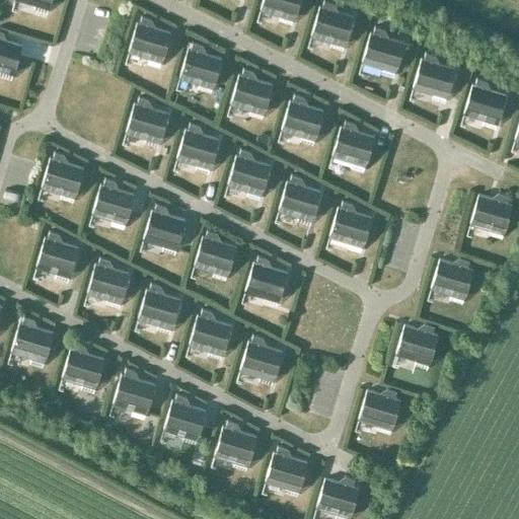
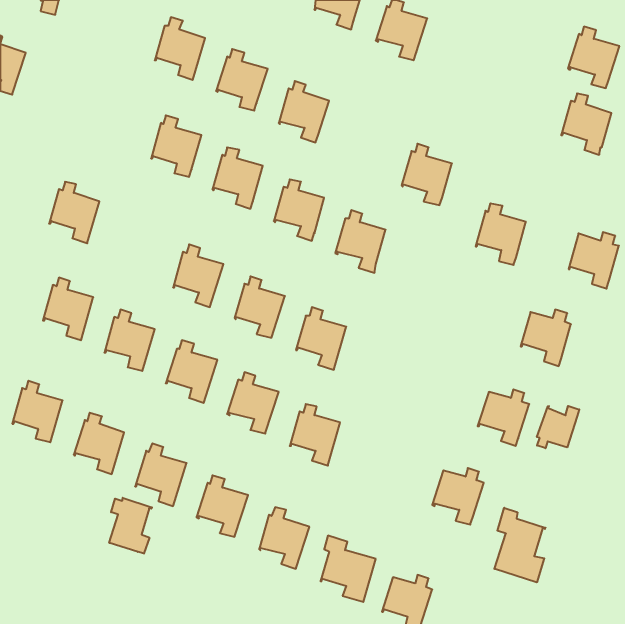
building: [363,27,405,79] -> none
building: [414,54,456,104] -> [568,27,619,88]
building: [283,95,324,147] -> none
building: [93,179,135,230] -> none
building: [330,203,372,253] -> [476,203,526,265]
building: none -> [537,406,579,448]
building: none -> [109,498,152,554]
building: none -> [494,508,546,582]

